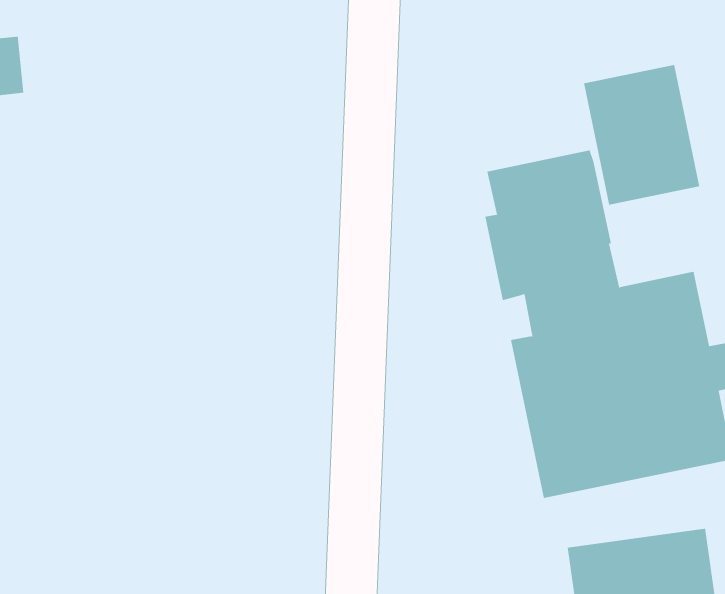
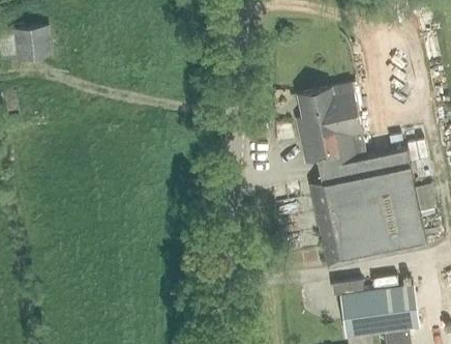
building: [584,64,700,205] -> none

